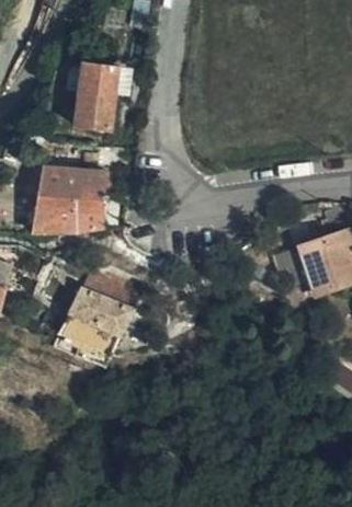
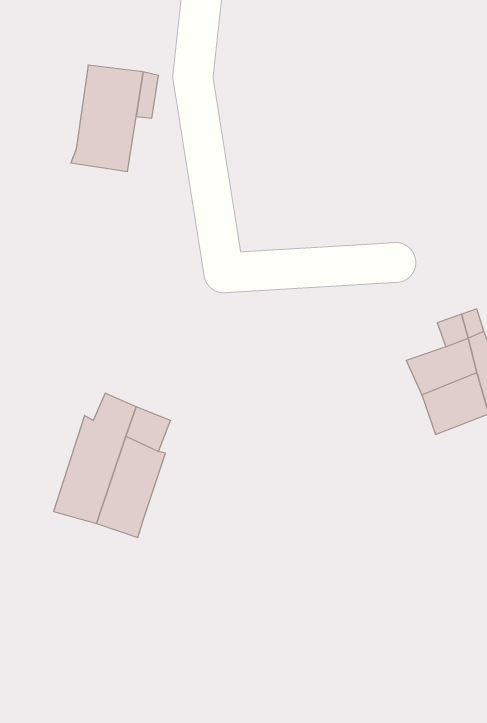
building: [31,165,105,233] -> none

